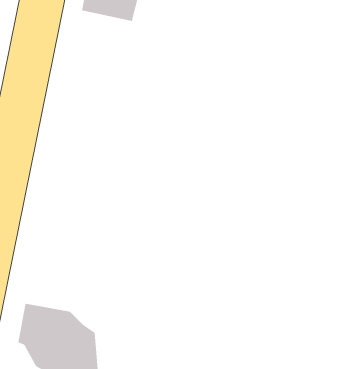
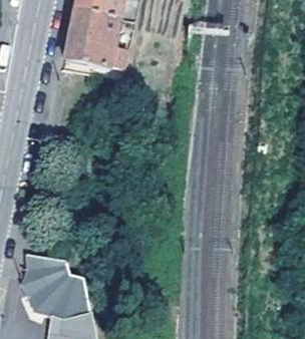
building: none -> [63,11,115,68]

